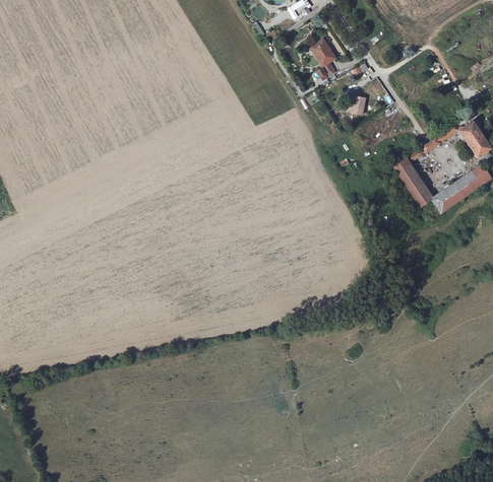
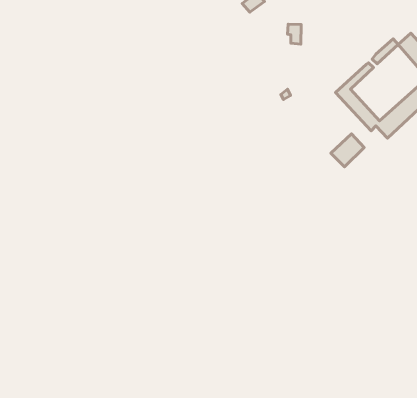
building: none -> [331,134,364,167]

